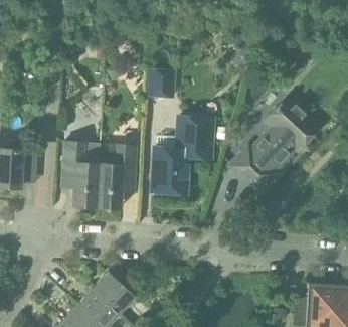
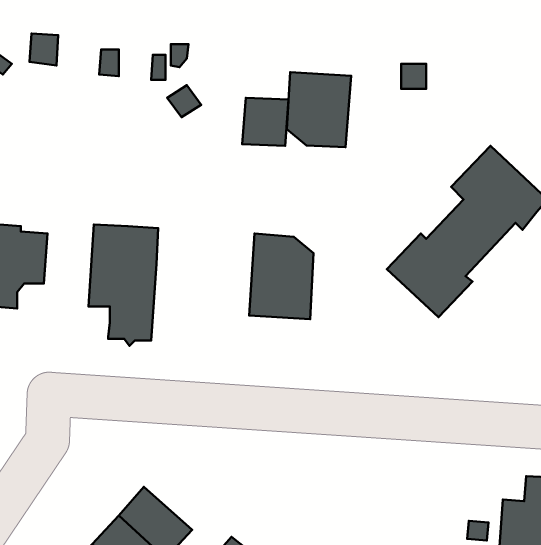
building: [177,116,213,158] -> [287,72,351,147]
building: [97,144,137,210] -> none
building: [93,271,135,313] -> none

